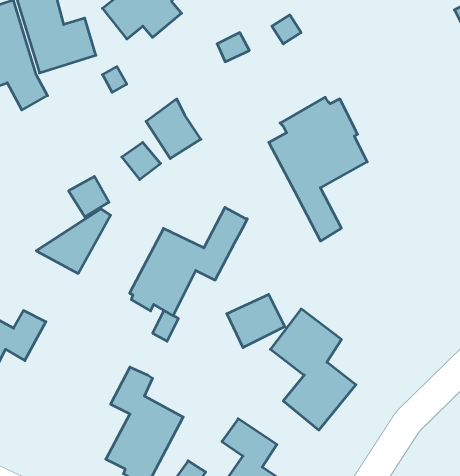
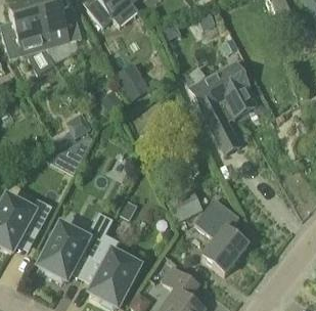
building: [130,207,247,316] -> [38,211,112,279]

